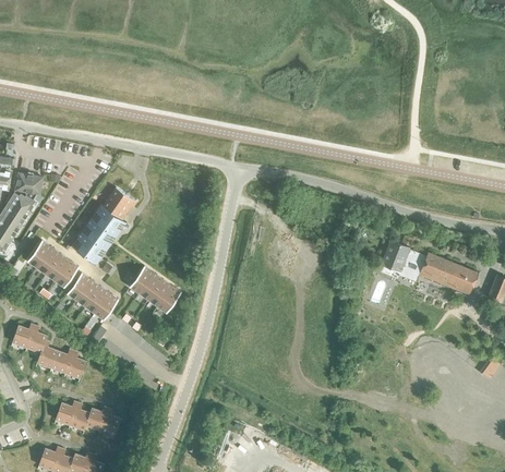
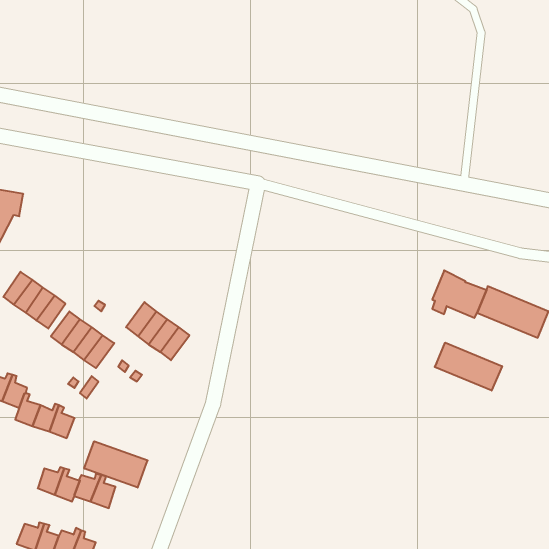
building: [71,185,137,264] -> none
building: none -> [435,343,502,391]
building: none -> [84,441,148,488]

